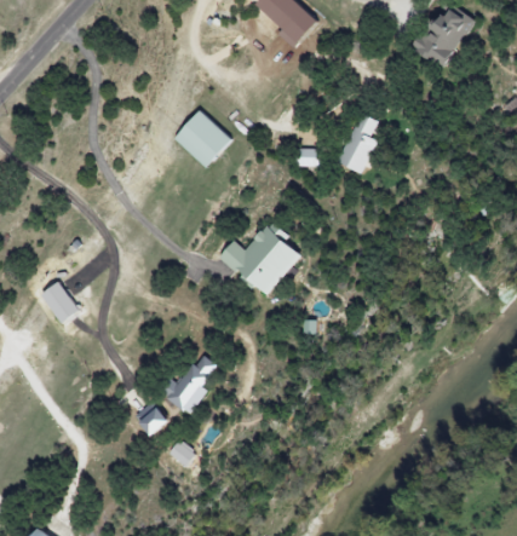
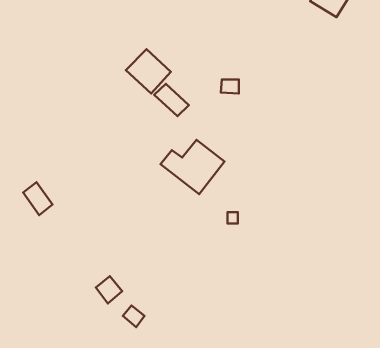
building: [338,113,378,174] -> none
building: none -> [154,84,189,116]
building: [166,352,218,415] -> none

